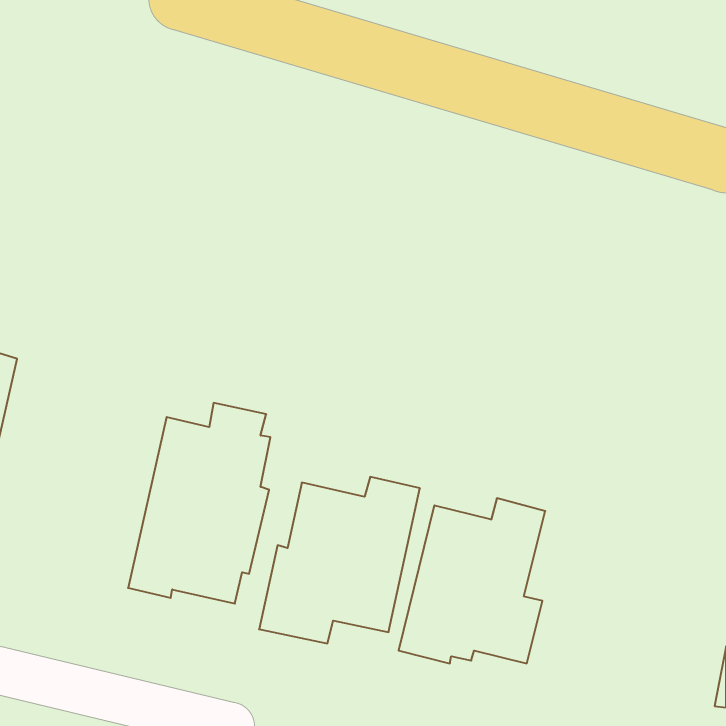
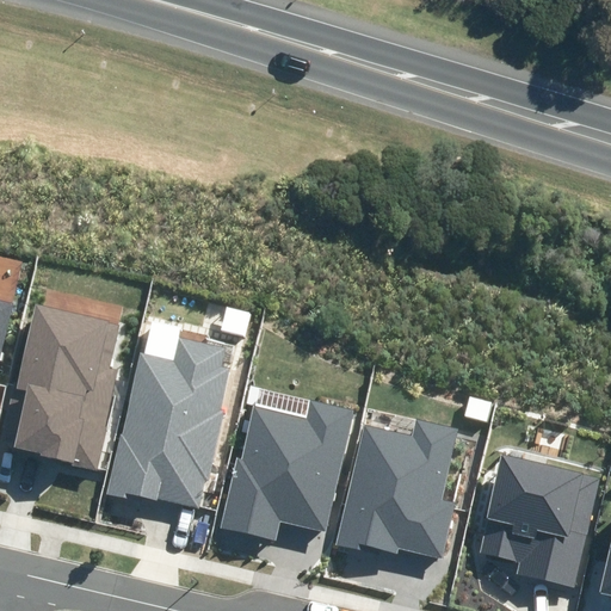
building: none -> [5,303,118,469]
building: none -> [479,453,599,587]

